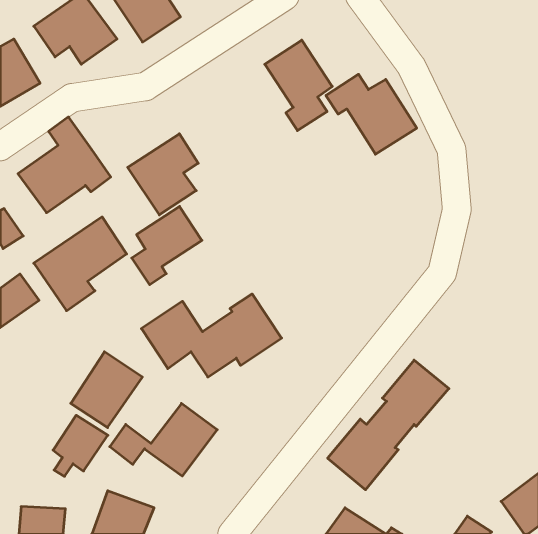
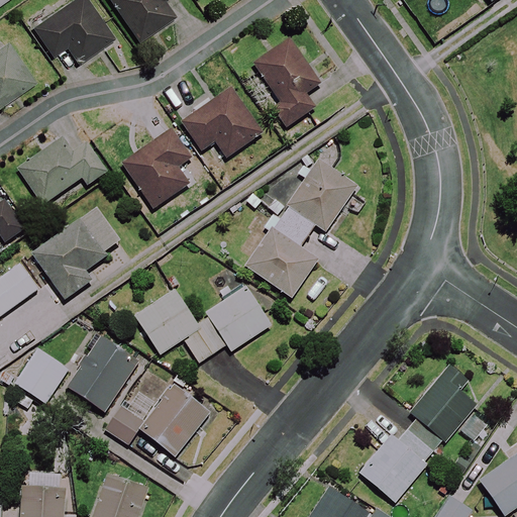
building: [326,74,417,154] -> none
building: none -> [183,87,262,156]
building: none -> [245,159,357,297]
building: [132,206,202,285] -> none
building: [328,360,449,490] -> [359,377,476,501]
building: [53,415,108,476] -> [16,348,69,407]

